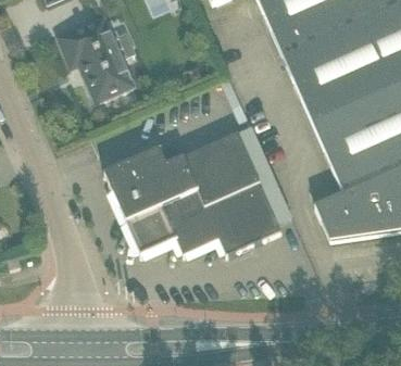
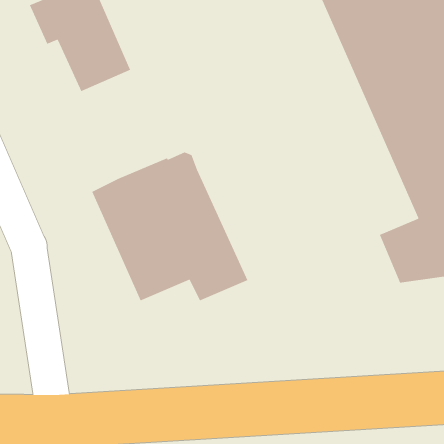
building: [181,131,280,253] -> none

